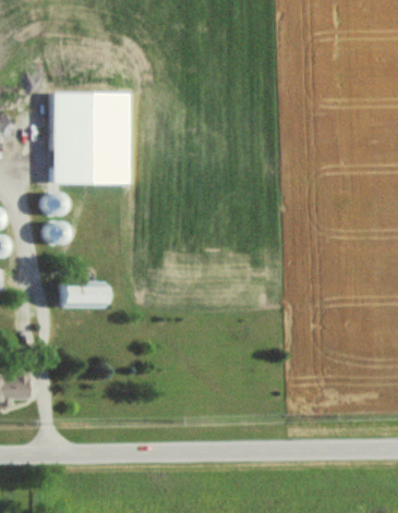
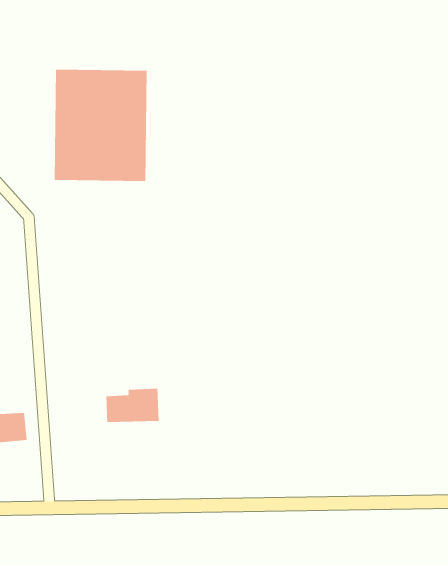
building: [64,280,109,308] -> [105,388,159,423]

